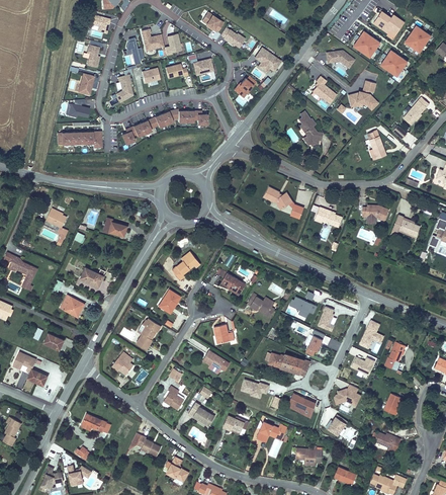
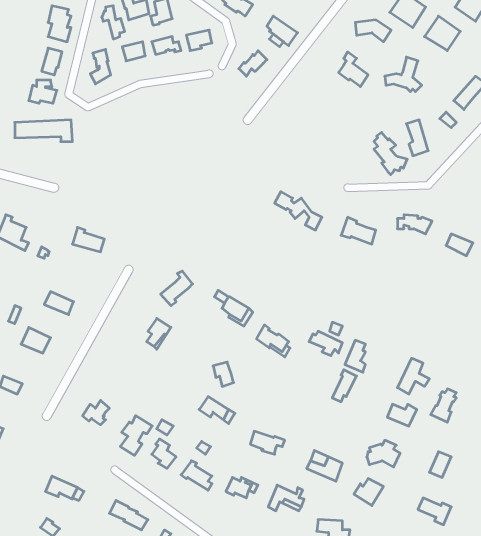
building: [121,110,207,145] -> none
building: [298,113,325,147] -> [374,132,407,175]
building: [136,317,161,348] -> [120,416,152,455]
building: [268,351,313,373] -> none

